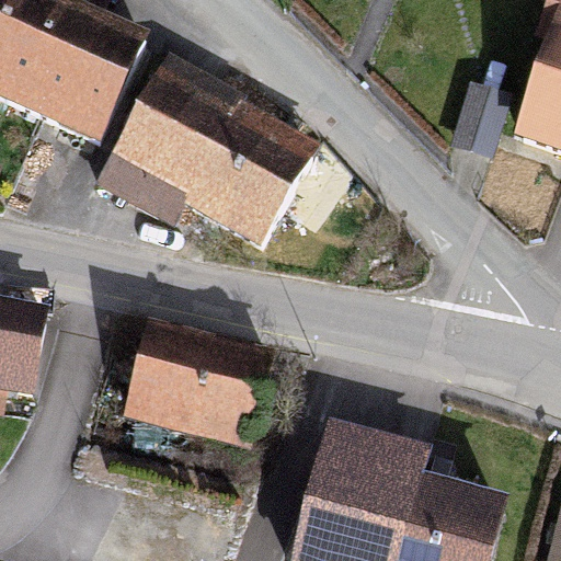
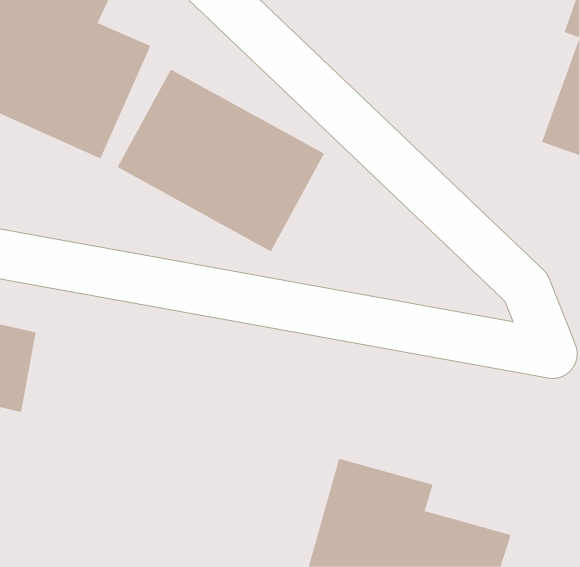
building: [126,336,262,450] -> none

